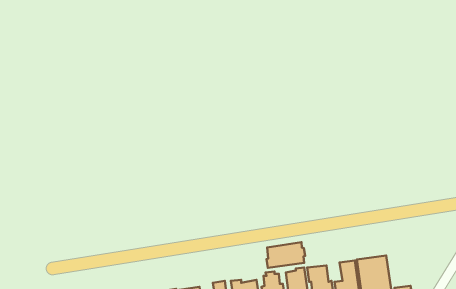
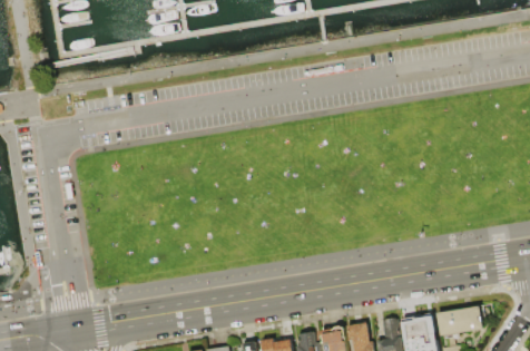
building: [266,242,305,268] -> none
building: none -> [435,305,483,335]

